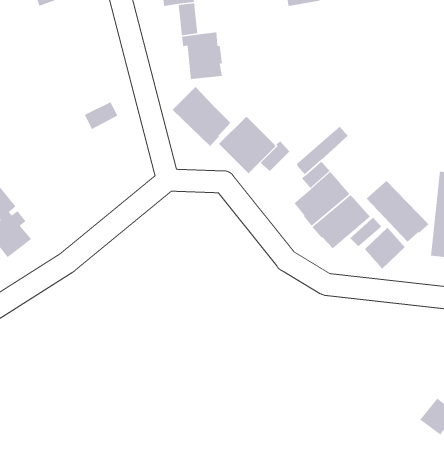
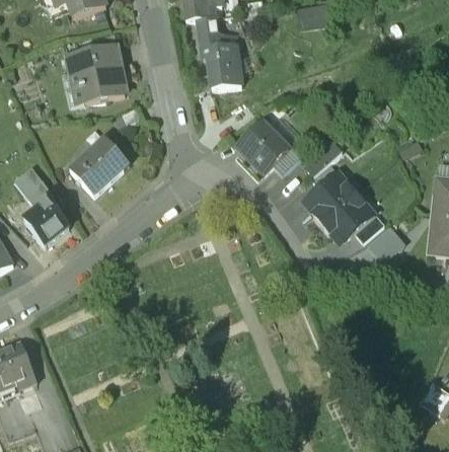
building: none -> [66,47,126,106]
building: [172,86,231,147] -> none
building: none -> [71,141,128,197]
building: [366,180,429,242] -> none

